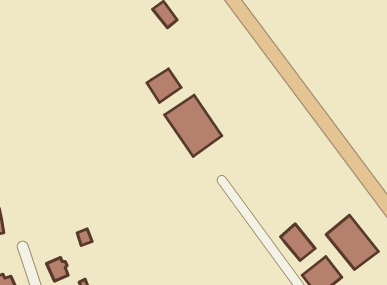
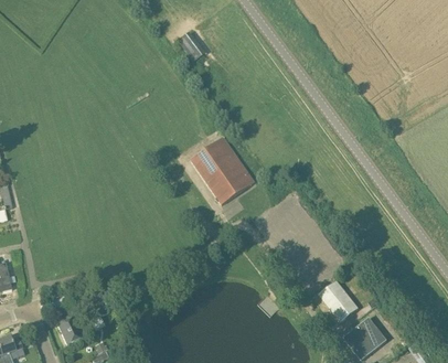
building: [147,69,181,102] -> none
building: [326,215,378,270] -> none

